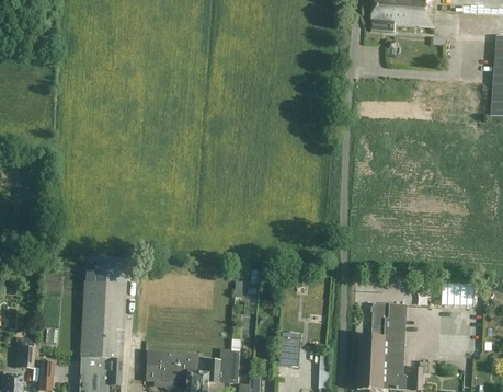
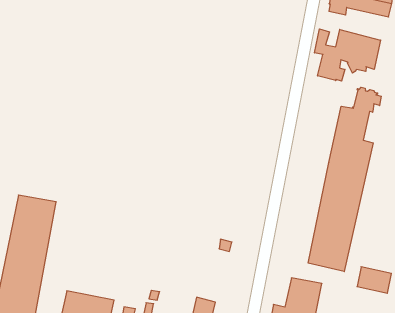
building: none -> [315,29,381,81]
building: none -> [308,87,381,272]

